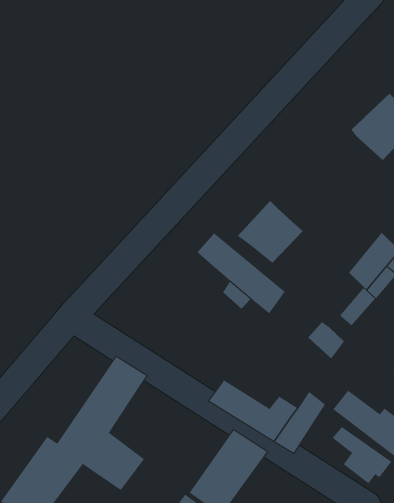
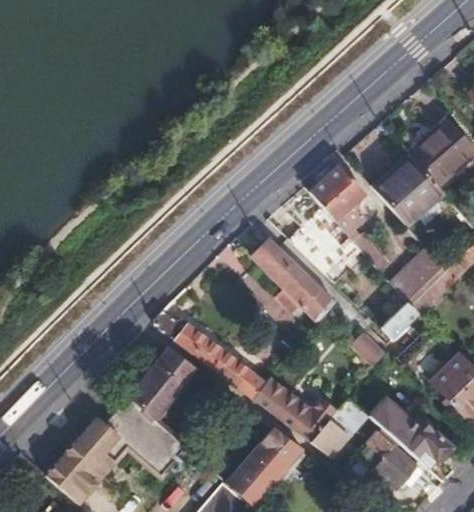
building: none -> [377,158,444,223]
building: none -> [311,165,366,220]
building: none -> [155,309,267,397]

